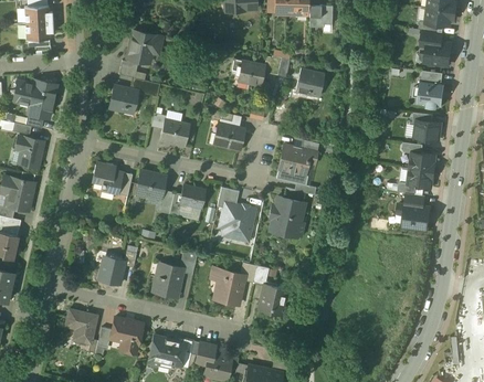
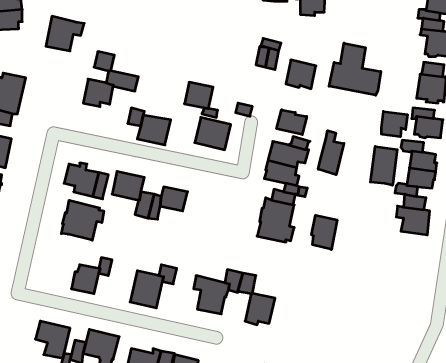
building: [127,31,162,63] -> [46,16,84,51]
building: none -> [329,43,381,95]
building: [238,61,264,85] -> [184,82,213,109]
building: none -> [277,110,307,135]
building: none -> [381,111,407,137]
building: none -> [318,131,344,175]
building: none -> [370,146,397,185]
building: none -> [61,200,104,240]
building: [217,201,261,244] -> none
building: none -> [312,215,337,250]

